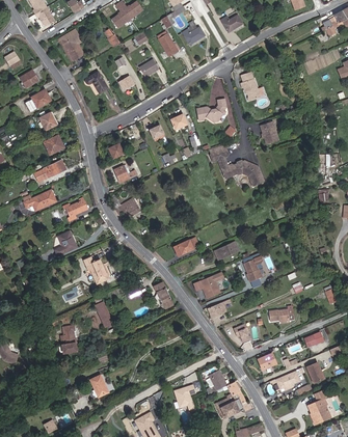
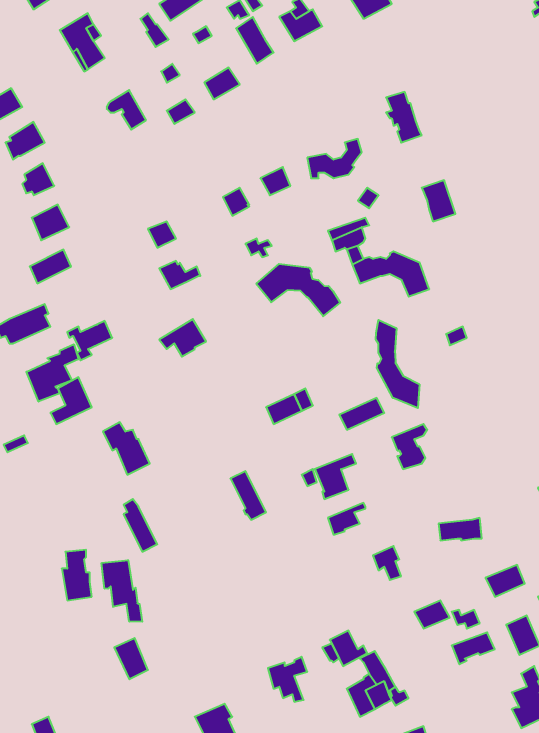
building: none -> [256,264,340,316]
building: none -> [376,320,419,408]
building: none -> [26,344,78,402]
building: none -> [102,560,142,622]

